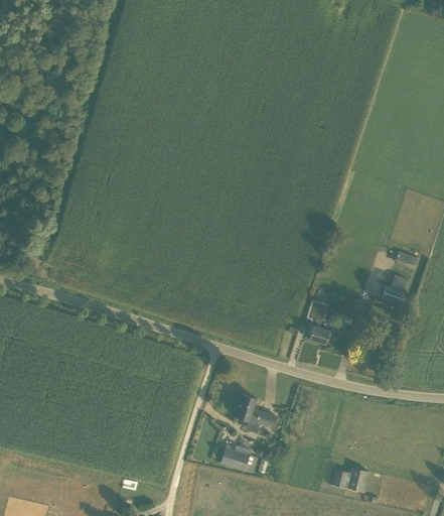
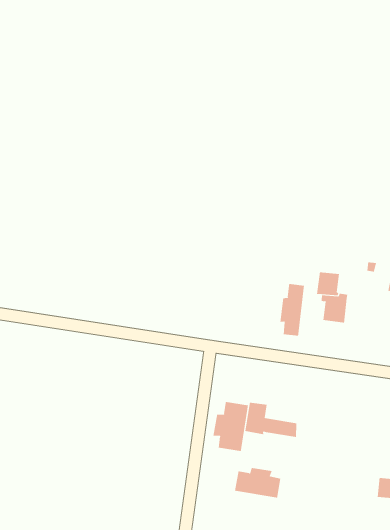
building: none -> [280,283,304,336]
building: none -> [213,401,249,452]

